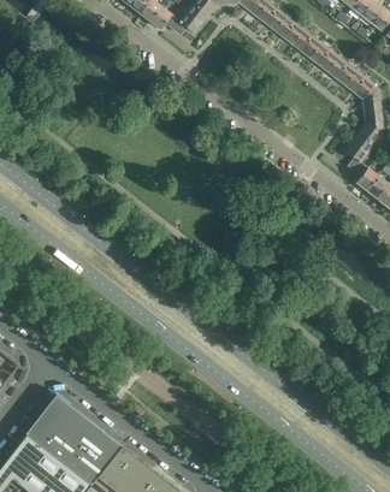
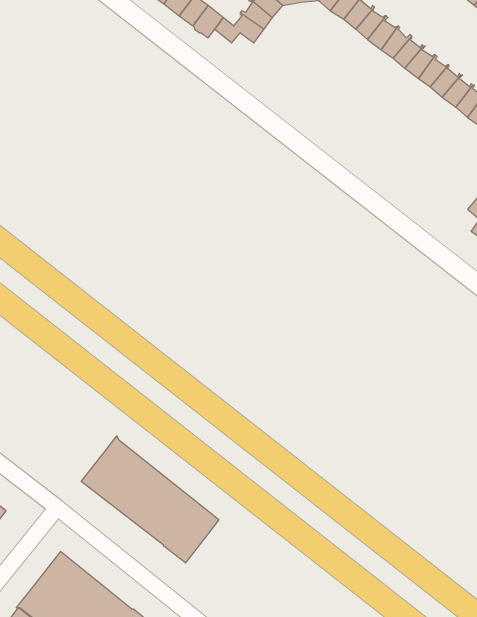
building: none -> [81,436,219,563]

